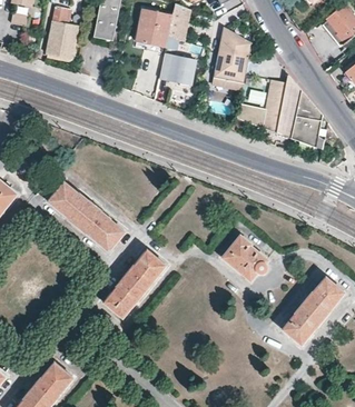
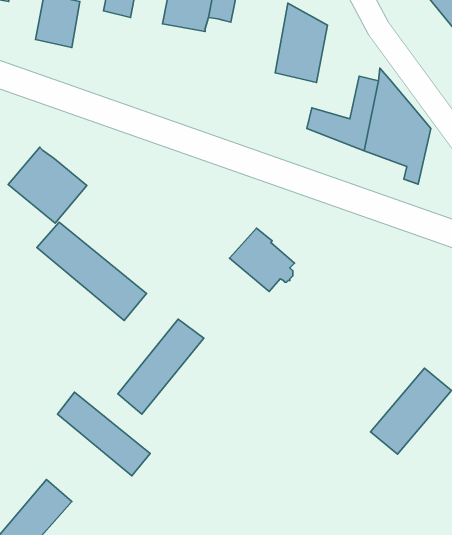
building: [159,54,196,88] -> none
building: none -> [8,147,87,223]
building: [221,236,267,280] -> [229,228,295,292]
building: none -> [58,392,150,476]

